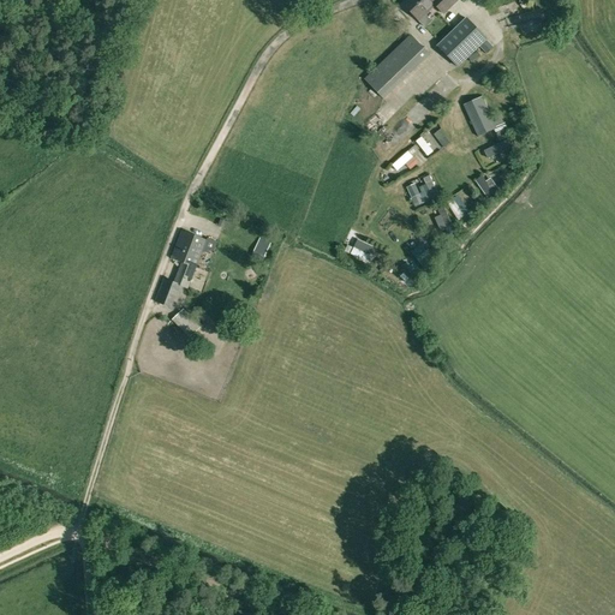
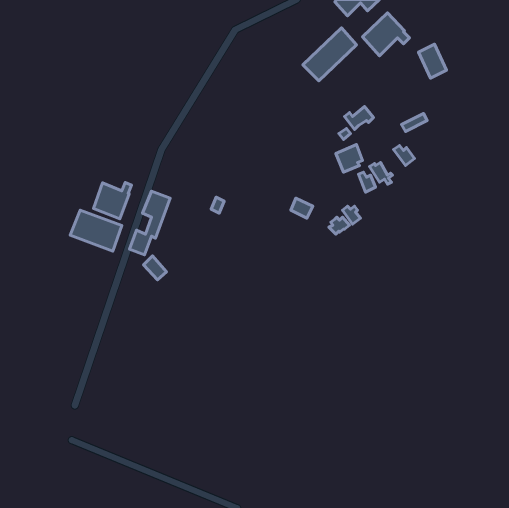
building: [464,95,497,136] -> [419,44,447,78]
building: none -> [93,182,132,219]
building: none -> [70,210,122,251]

